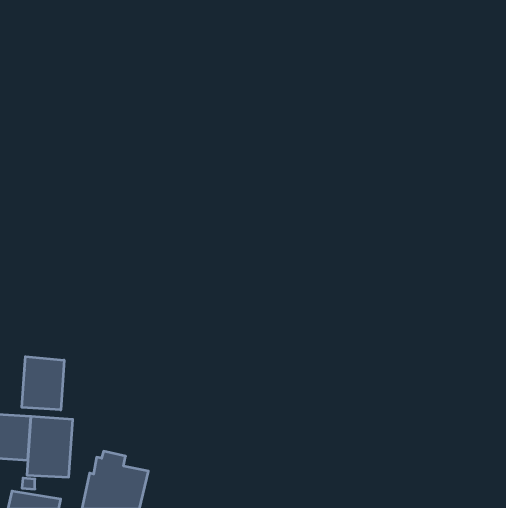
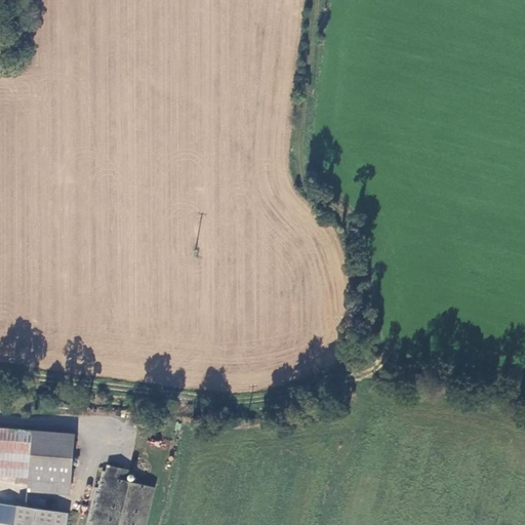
building: [22,357,64,410] -> none

